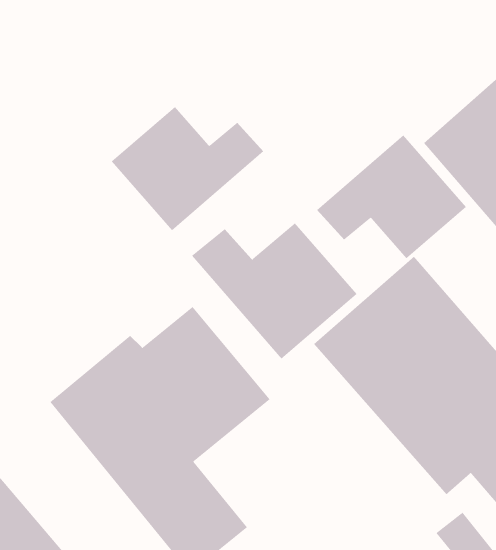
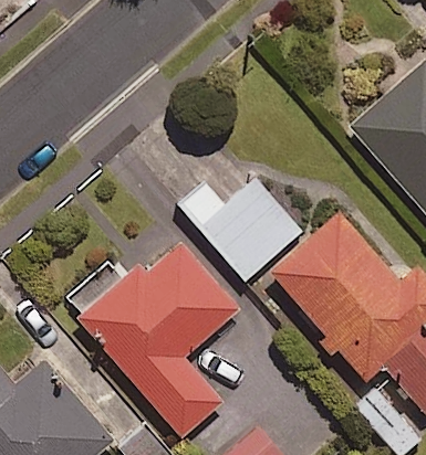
building: [111,106,264,231] -> none
building: [316,134,467,259] -> none

